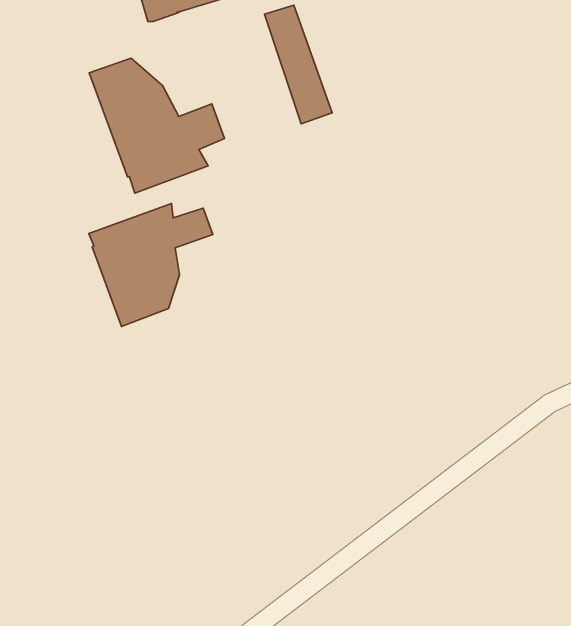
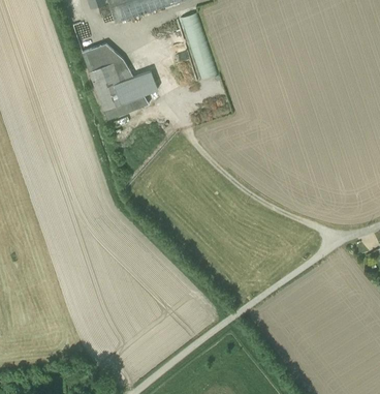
building: [89,203,213,326] -> none

